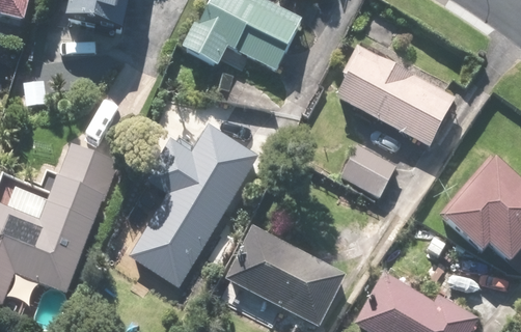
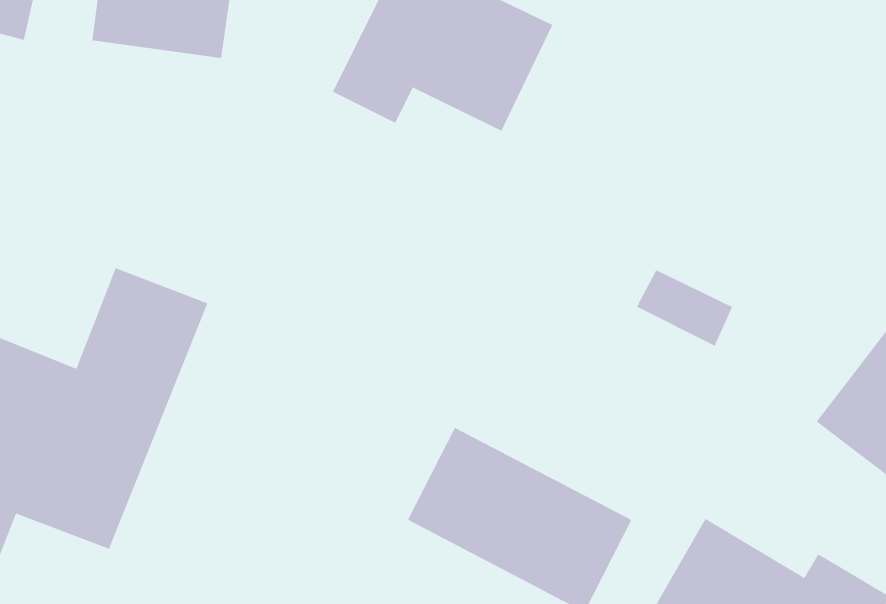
building: [329,47,455,146] -> none
building: [132,127,258,284] -> none

